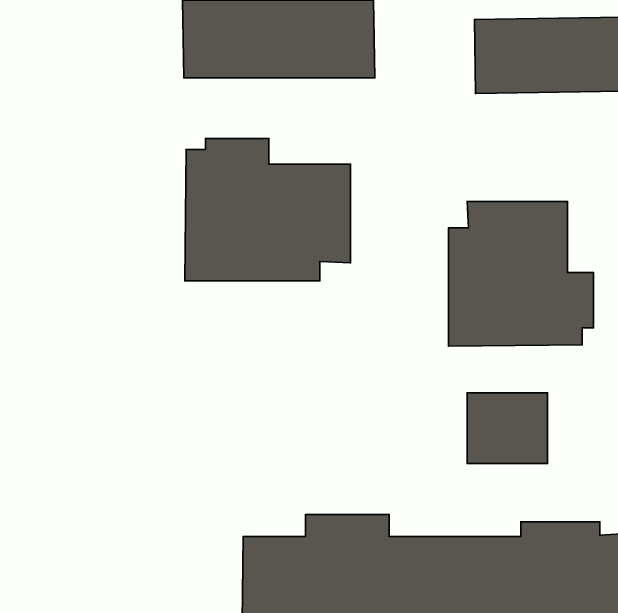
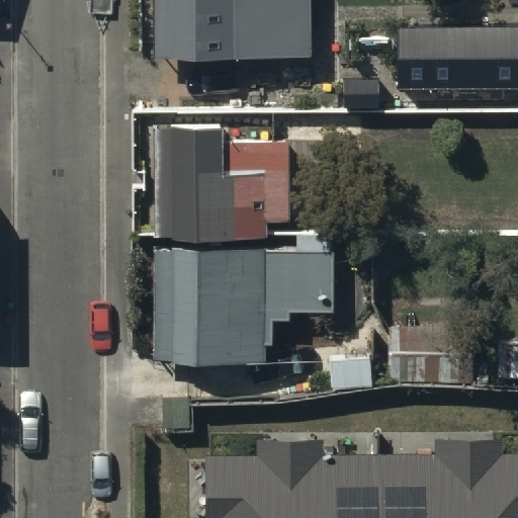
building: [449,201,593,346] -> none
building: none -> [155,249,333,362]

